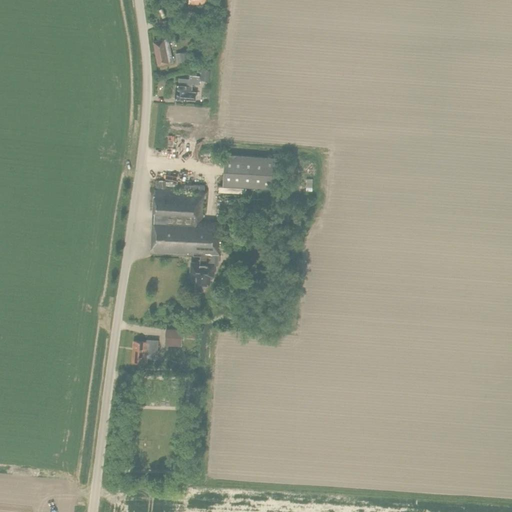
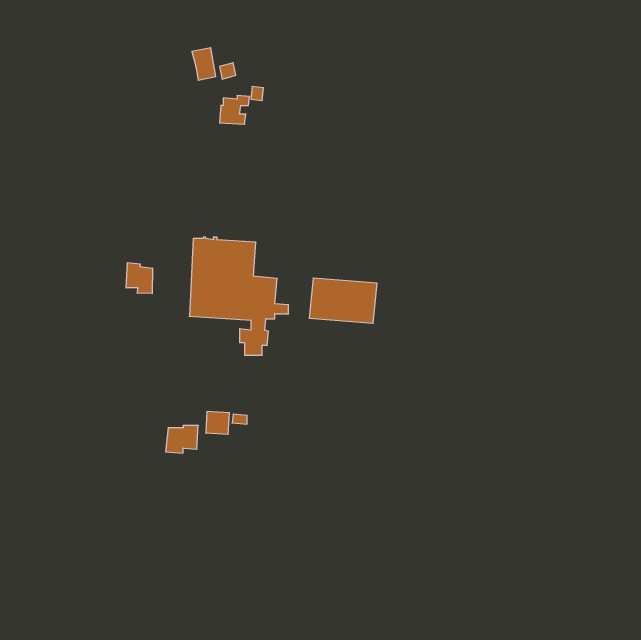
building: [222,154,276,190] -> [309,278,377,323]
building: none -> [126,263,152,294]

